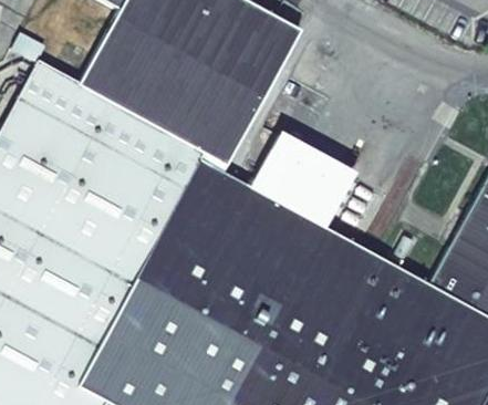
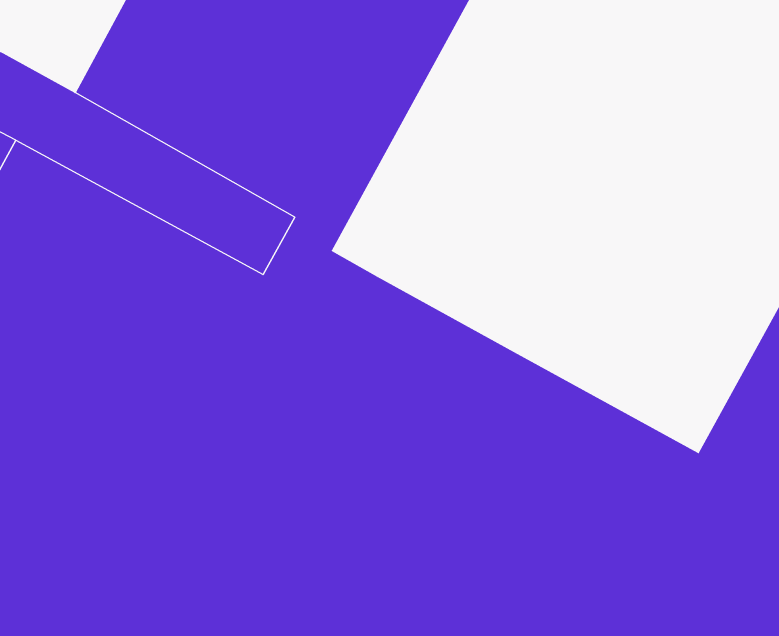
building: [248,134,355,230] -> none

